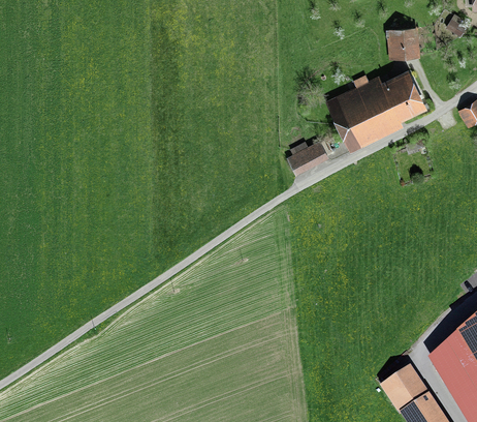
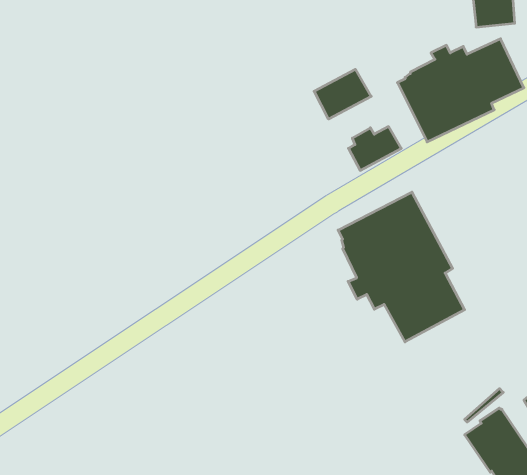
building: none -> [314,69,371,119]
building: none -> [338,192,465,342]

